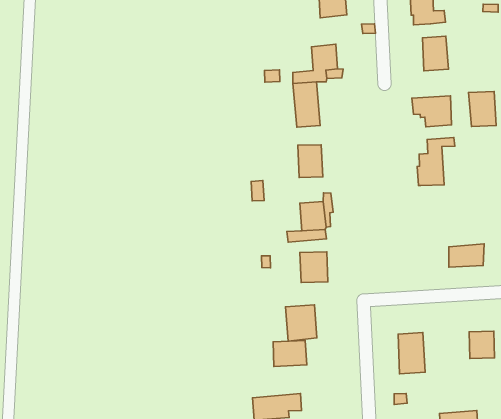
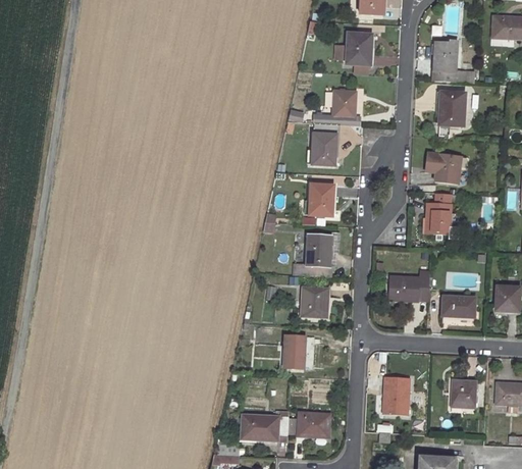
building: [468,91,496,127] -> none
building: none -> [388,270,430,299]
building: [273,340,307,366] -> [296,412,328,437]

